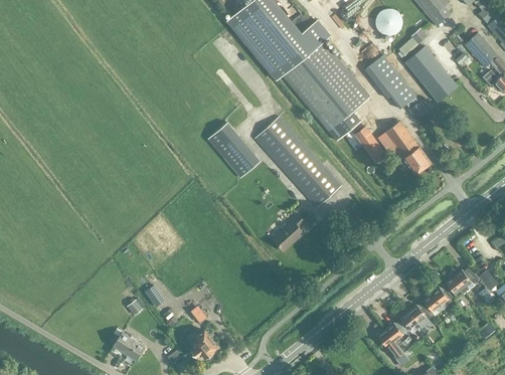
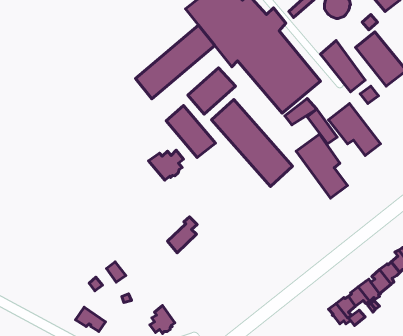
building: none -> [135,25,215,99]
building: none -> [188,68,236,114]
building: none -> [296,134,347,198]
building: none -> [149,150,183,180]
building: [273,214,304,251] -> [167,217,197,253]

